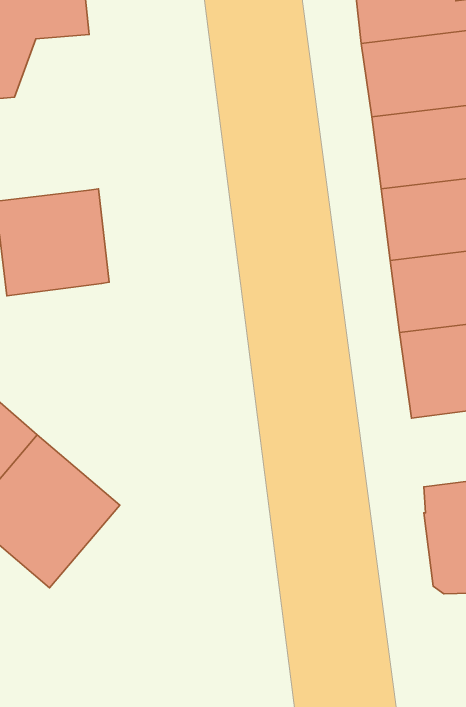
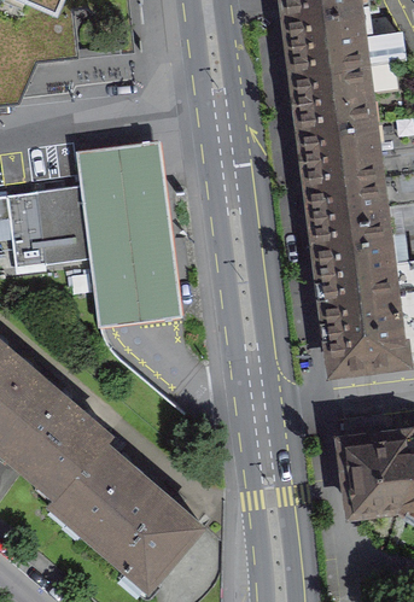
building: none -> [72,141,176,326]
building: none -> [45,434,199,585]

